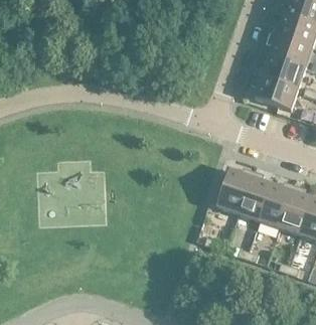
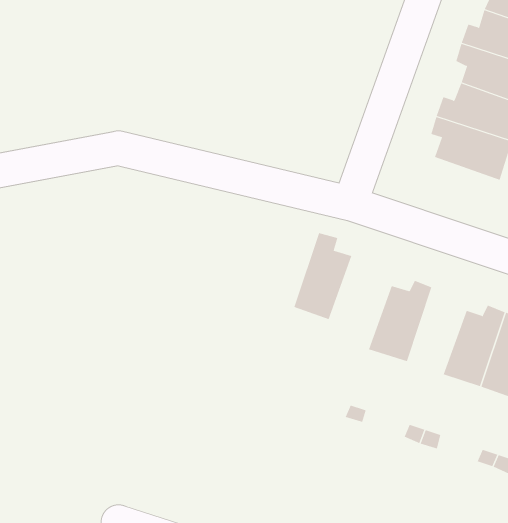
building: [239,172,272,221] -> [294,233,352,320]

